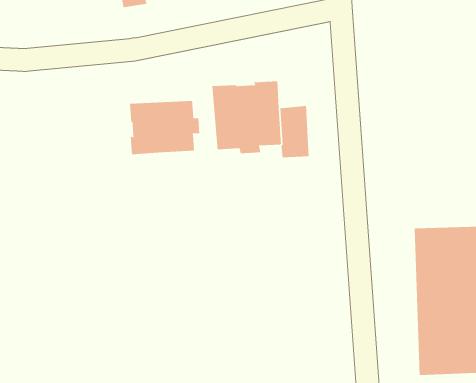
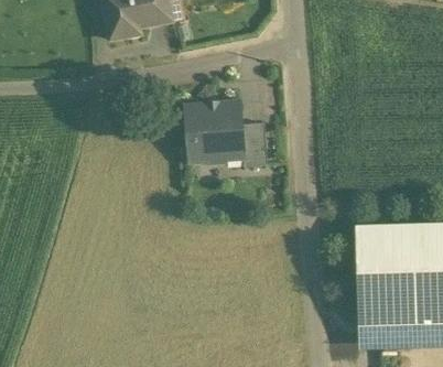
building: [129,100,200,155] -> none

